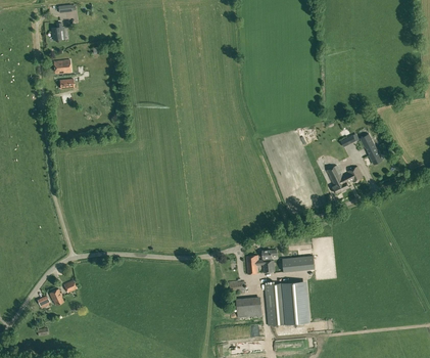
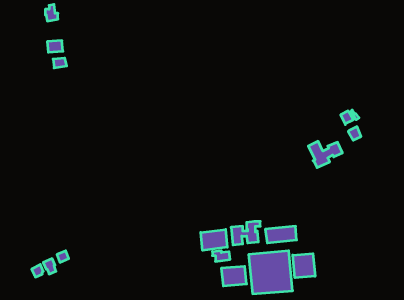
building: none -> [201,229,227,250]
building: none -> [293,254,315,278]

